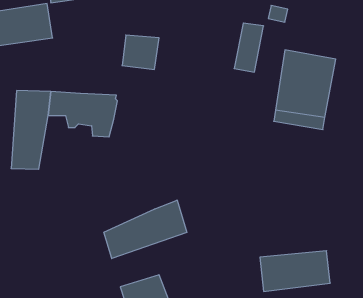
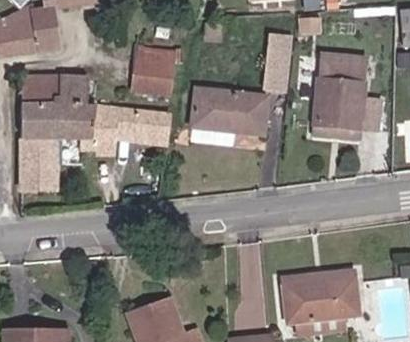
building: none -> [23,74,94,107]
building: none -> [192,93,261,134]
building: none -> [128,100,172,135]
building: [104,200,187,259] -> none

